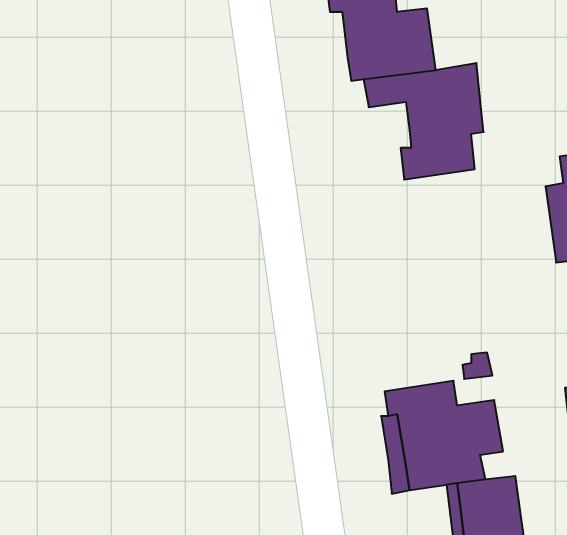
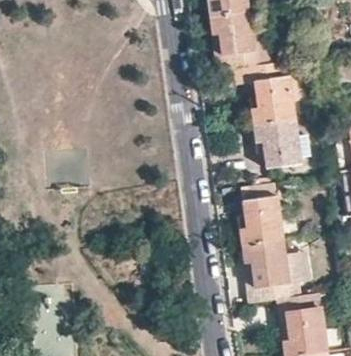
building: none -> [256,121,305,168]
building: none -> [242,184,284,247]

